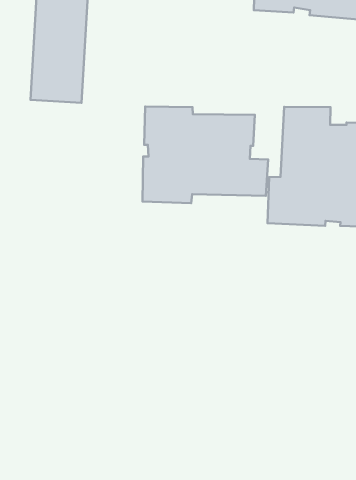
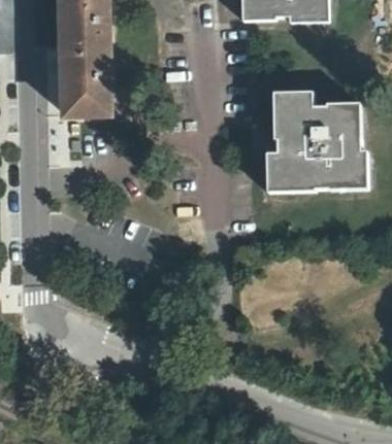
building: [142,107,268,203] -> none

